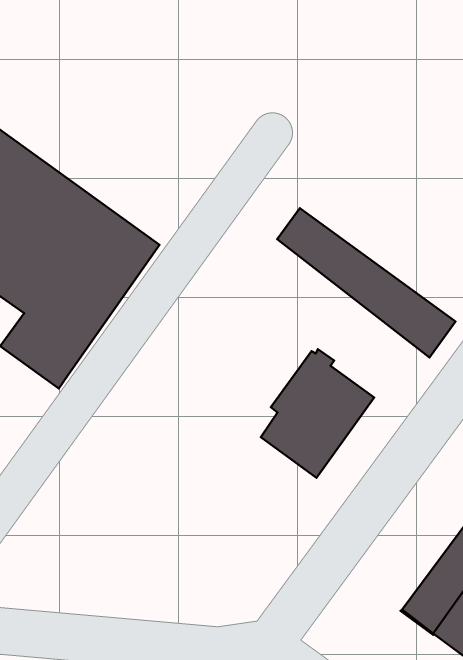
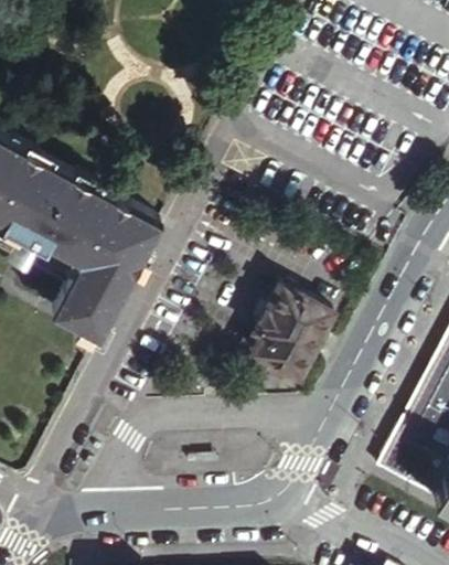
building: [277,208,455,357] -> none

